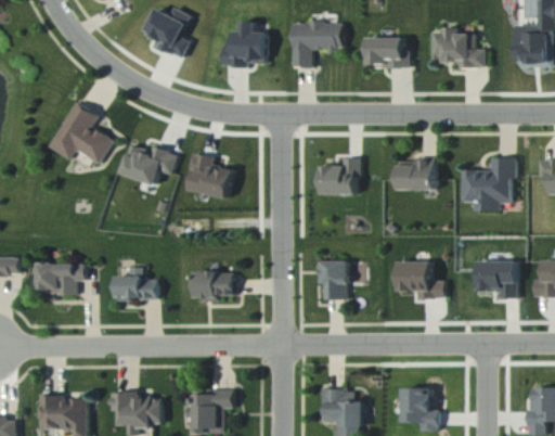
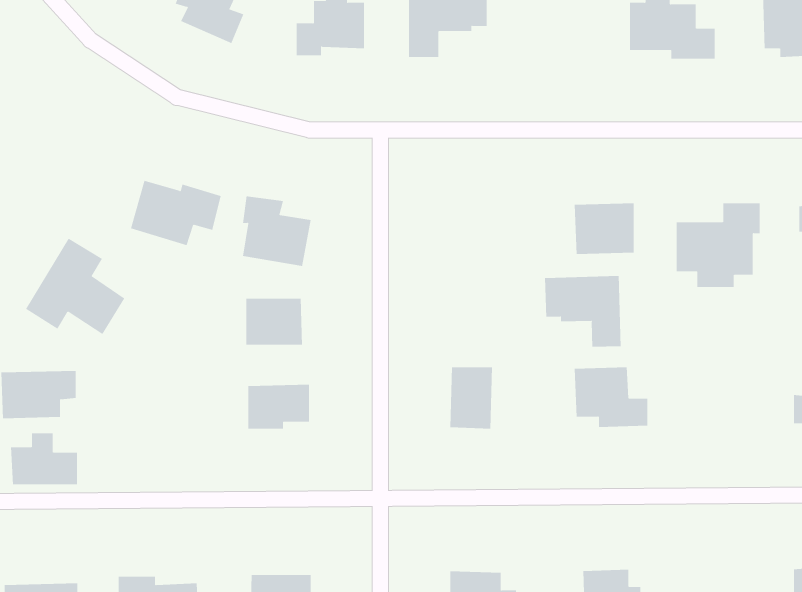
building: [367,36,408,66] -> none
building: [49,102,112,163] -> [25,238,125,335]
building: [320,156,357,194] -> none
building: none -> [545,275,621,348]
building: none -> [246,298,303,345]
building: [478,260,517,298] -> none
building: [114,267,156,299] -> [10,433,78,485]

